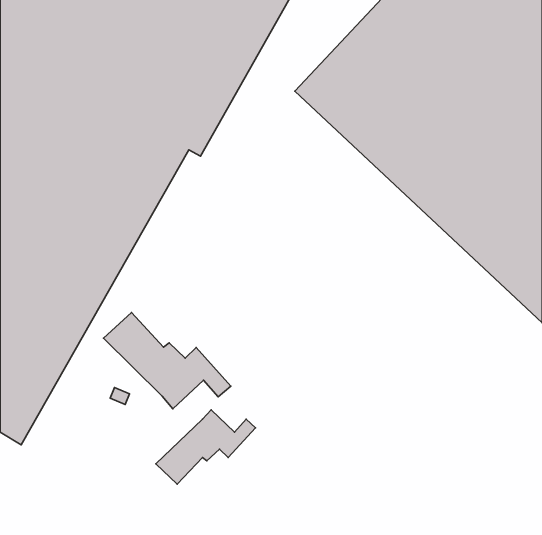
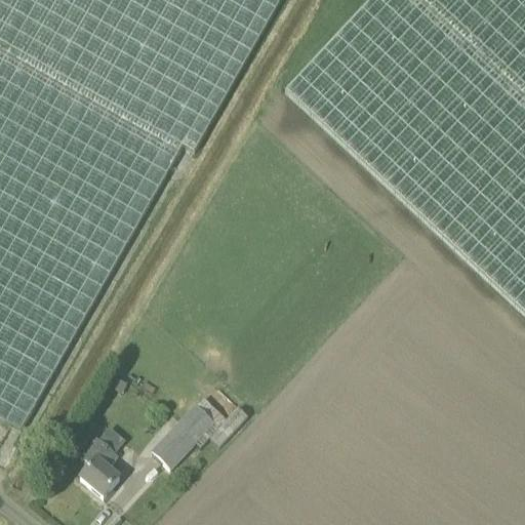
building: [104,312,231,409] -> none
building: none -> [80,436,119,496]

